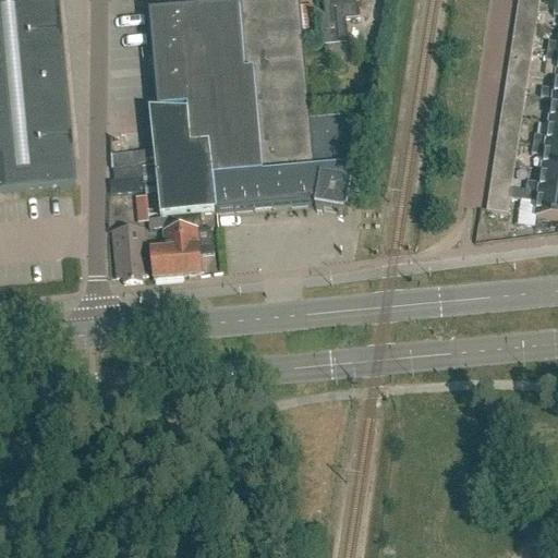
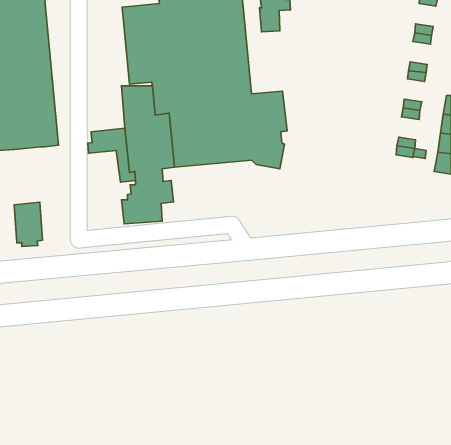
building: [111,223,146,278] -> [14,202,42,246]

